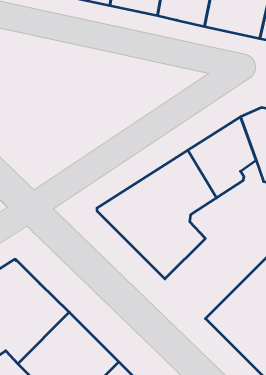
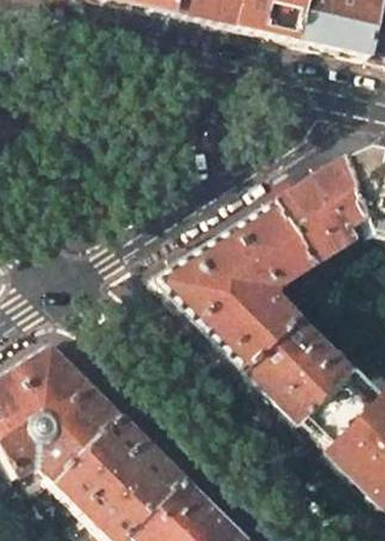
building: none -> [245,317,351,422]

